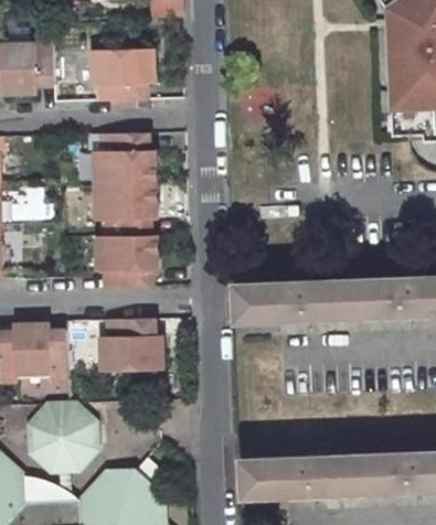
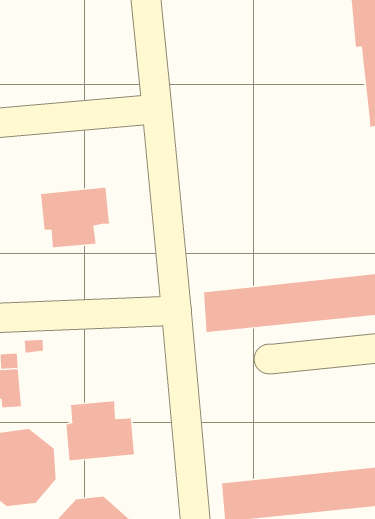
building: [92,50,152,103] -> none
building: [95,132,156,185] -> none
building: [96,234,158,287] -> none
building: [100,317,162,369] -> [65,401,135,461]

